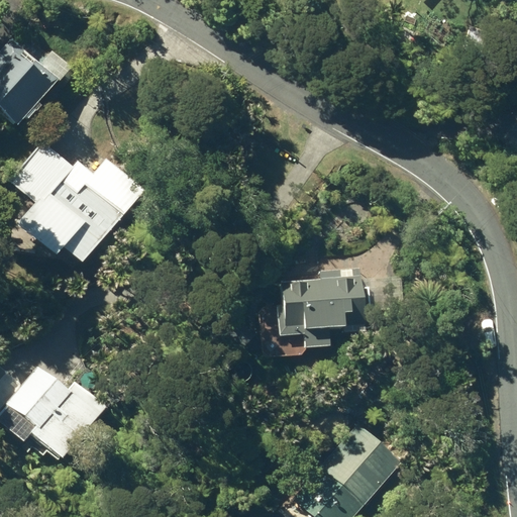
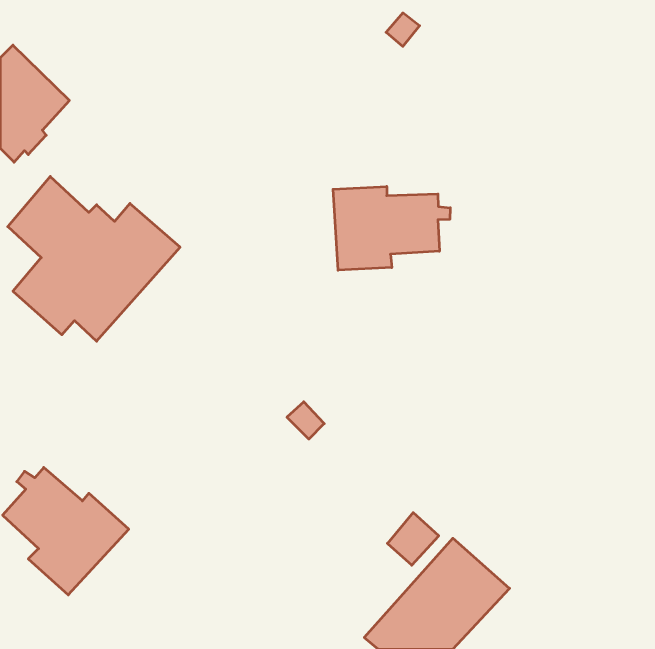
building: none -> [333,186,450,270]
building: [276,266,395,350] -> none

